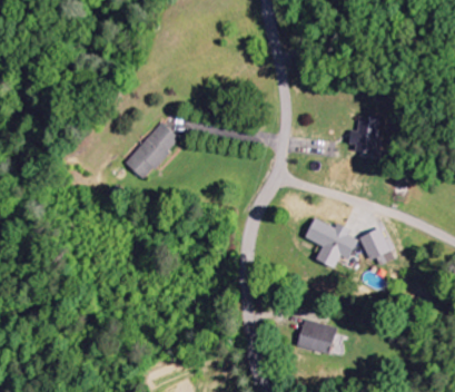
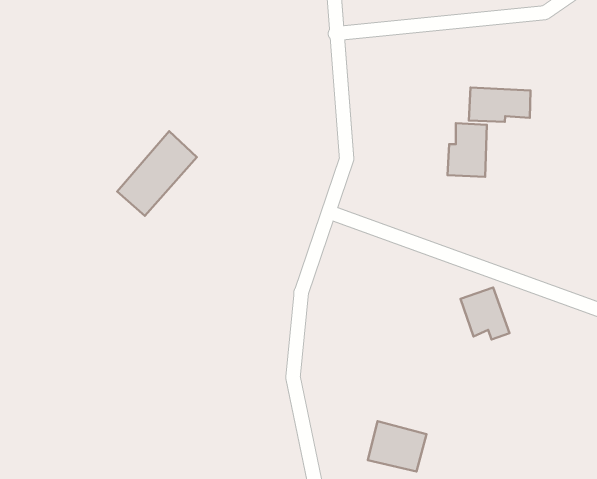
building: none -> [469,87,531,122]
building: [306,218,358,267] -> none

